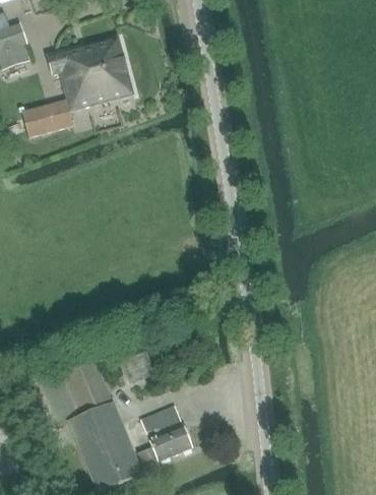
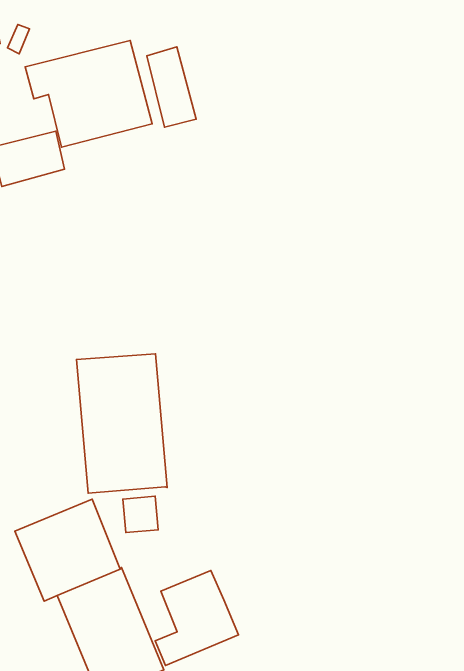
building: none -> [147,47,196,127]
building: none -> [77,354,167,493]

